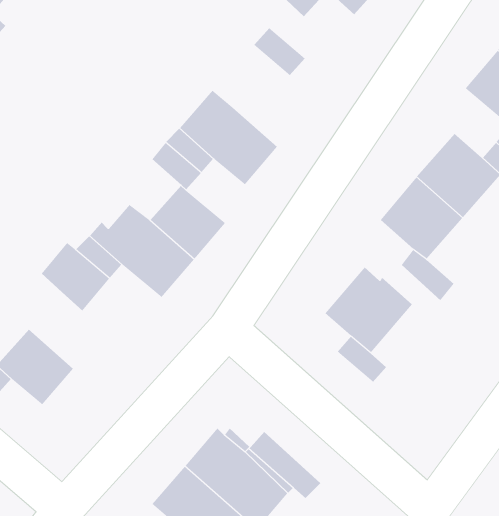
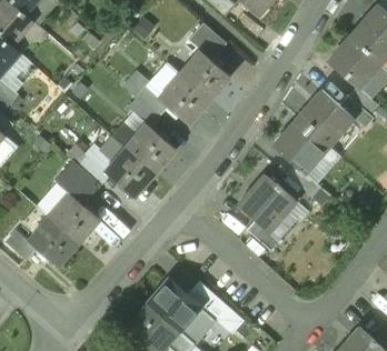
building: none -> [180,50,229,99]
building: none -> [49,192,99,241]

